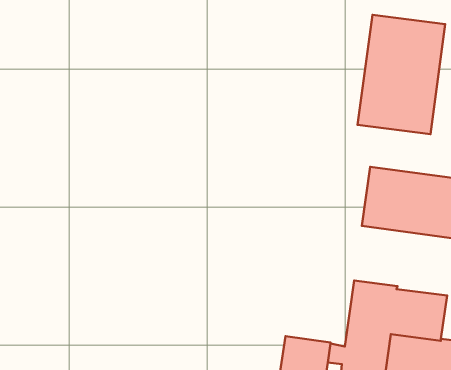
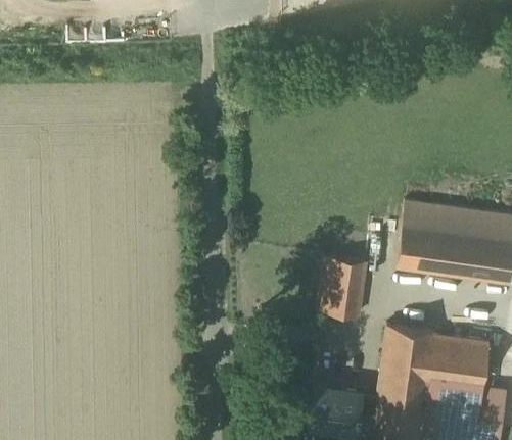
building: [358,15,445,134] -> none
building: none -> [318,256,366,316]

